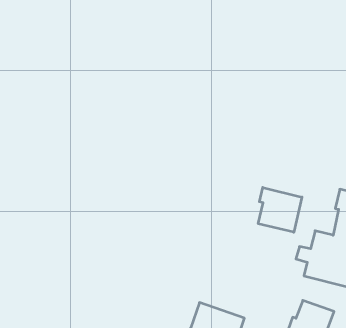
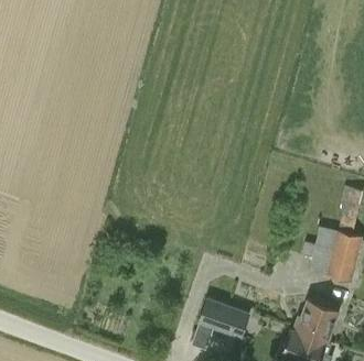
building: [258,187,302,232] -> none

